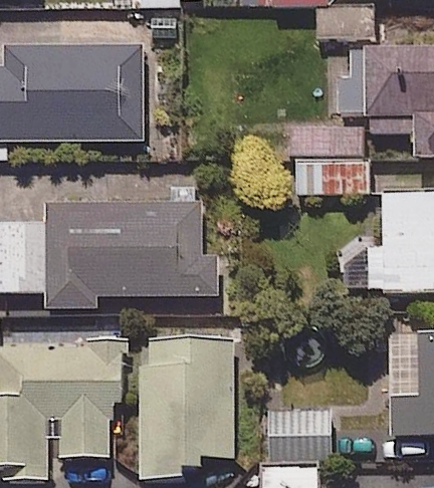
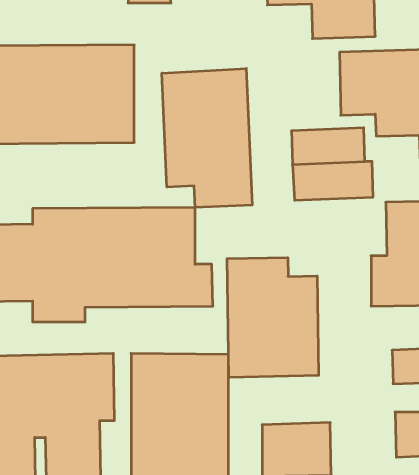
building: none -> [162,68,252,208]
building: none -> [227,258,319,378]

